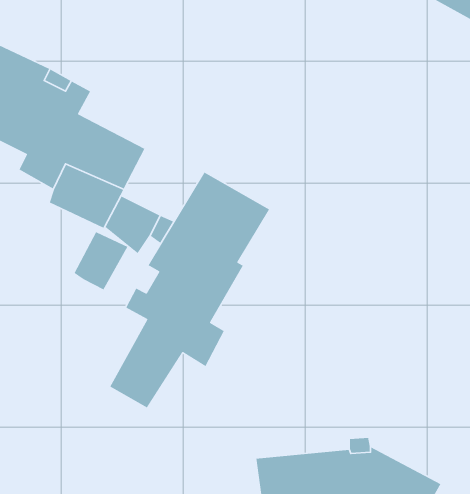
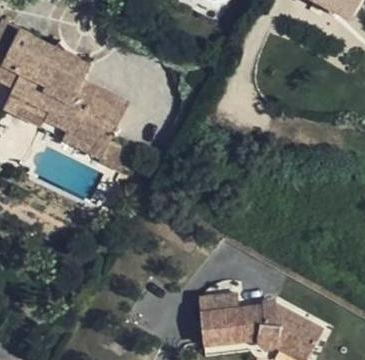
building: [109,172,270,408] -> none
building: [74,231,128,290] -> none

